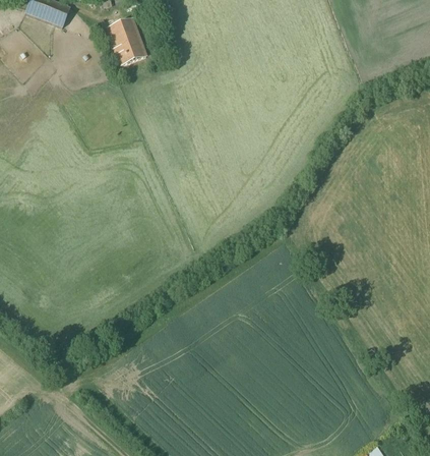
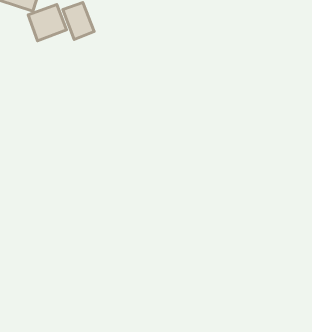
building: none -> [28,5,67,41]

